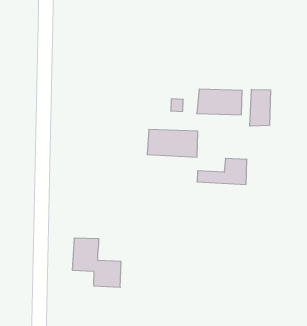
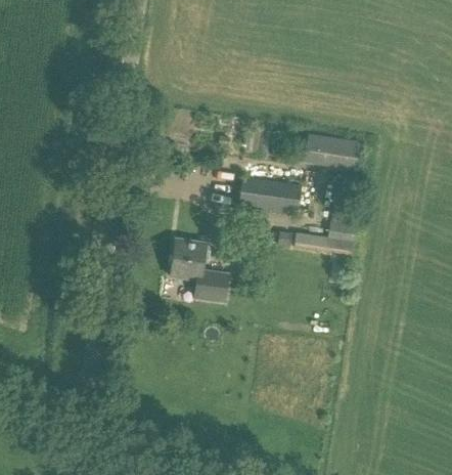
building: [250,89,271,126] -> none
building: [72,238,121,287] -> [170,238,229,302]

